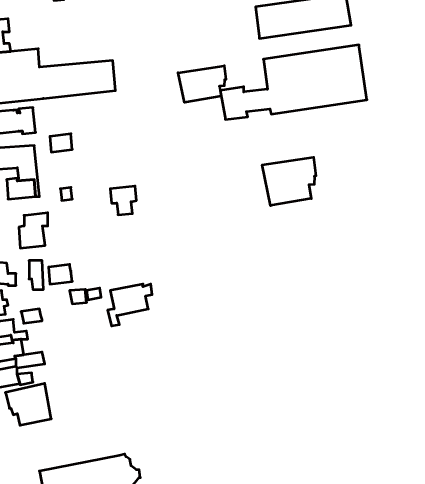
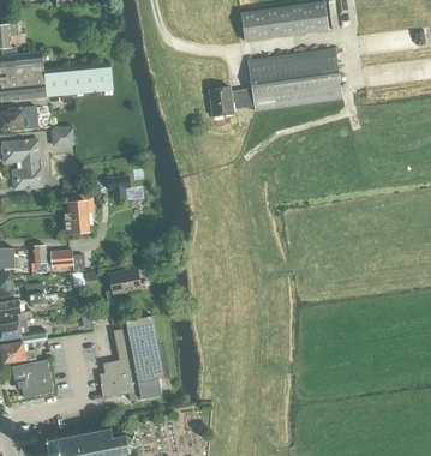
building: [178,66,226,102] -> none
building: [262,157,316,206] -> none
building: [19,213,48,248] -> [64,200,90,233]
building: none -> [98,316,163,401]

